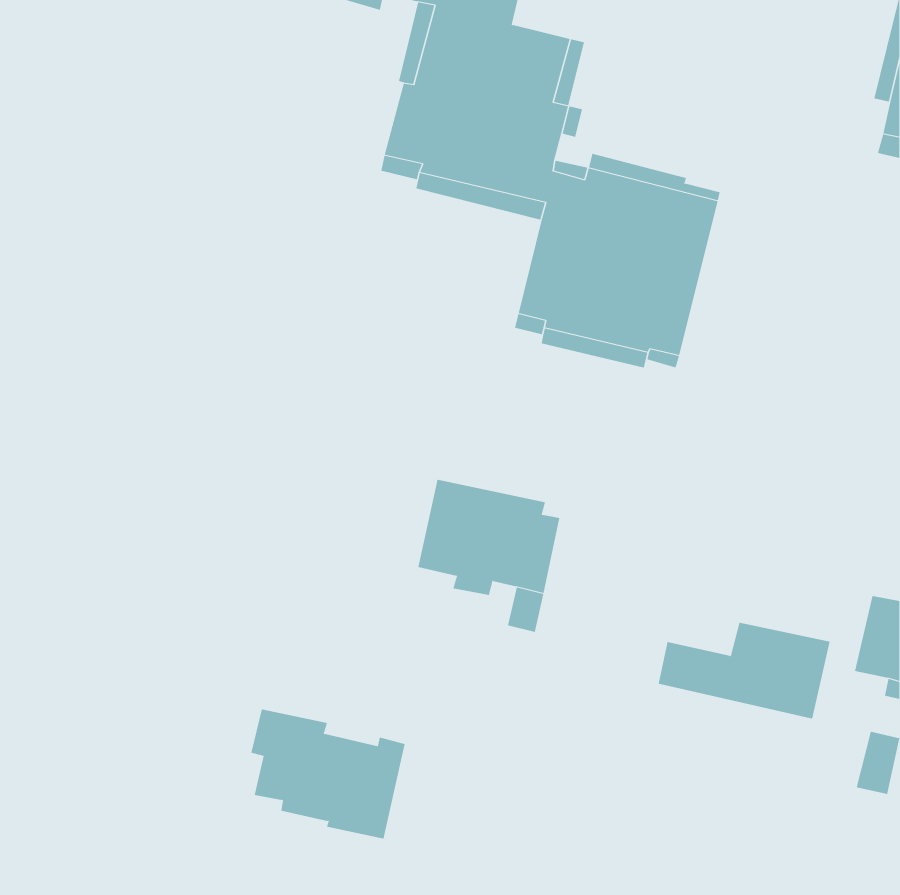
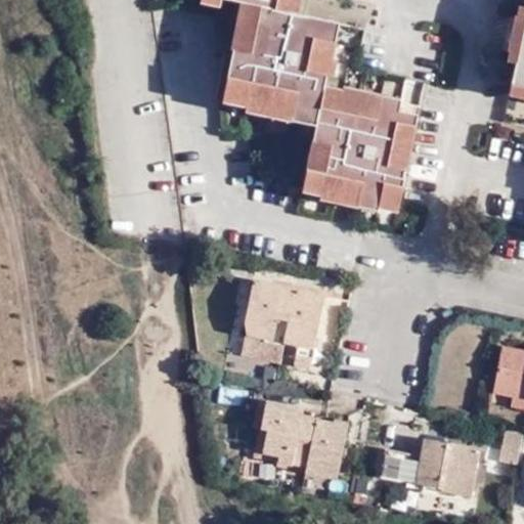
building: none -> [237,330,285,362]
building: [658,622,831,719] -> [377,439,477,495]
building: [250,709,405,839] -> [259,402,349,478]

